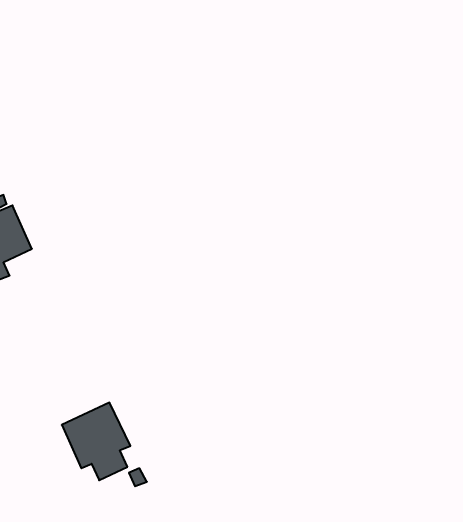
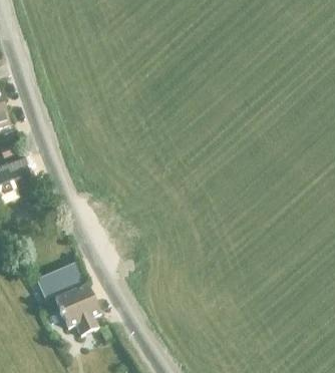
building: none -> [35,262,83,301]

